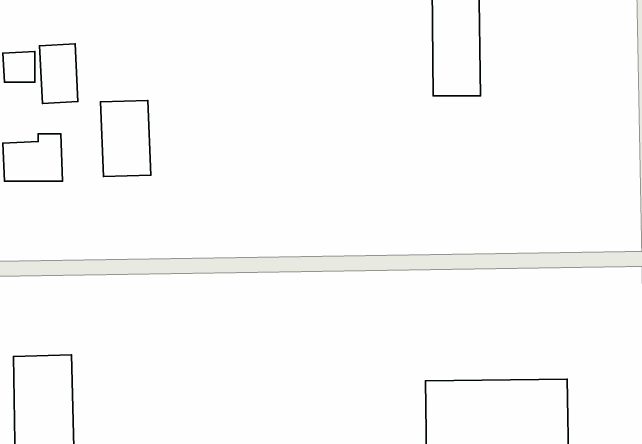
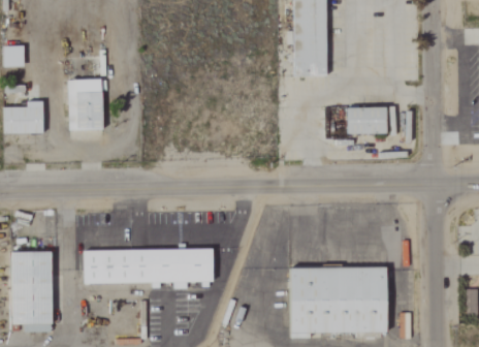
building: [40,44,78,103] -> none
building: none -> [348,106,387,133]
building: none -> [84,249,214,283]

